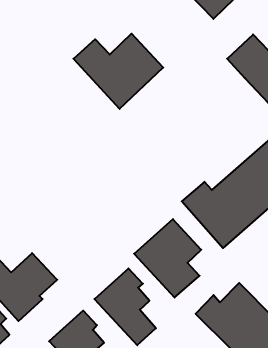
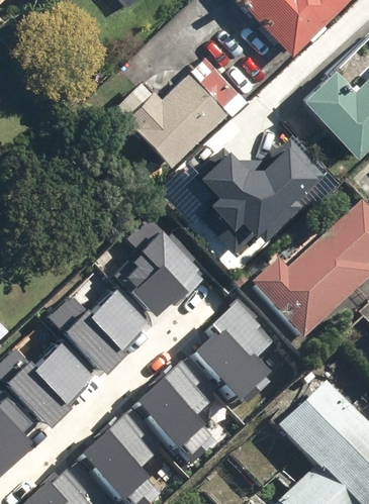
building: none -> [200,142,330,264]
building: none -> [124,219,202,316]
building: none -> [48,291,149,376]

